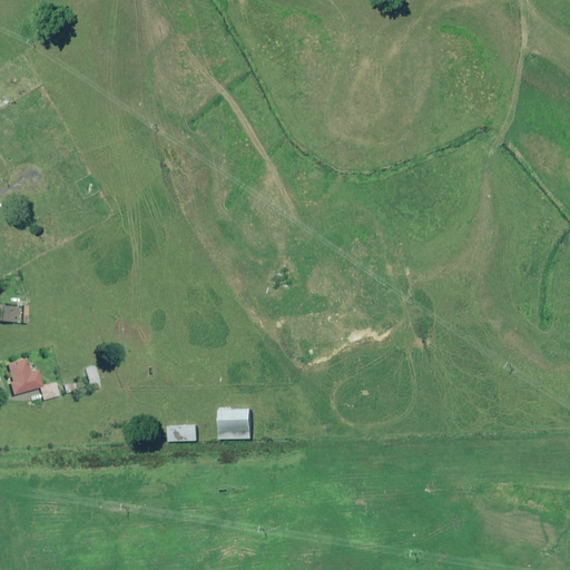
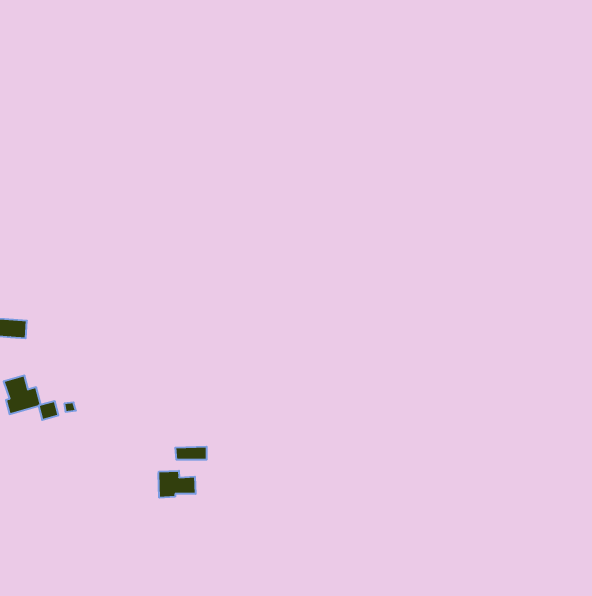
building: [218,409,250,434] -> none
building: none -> [158,471,196,498]

